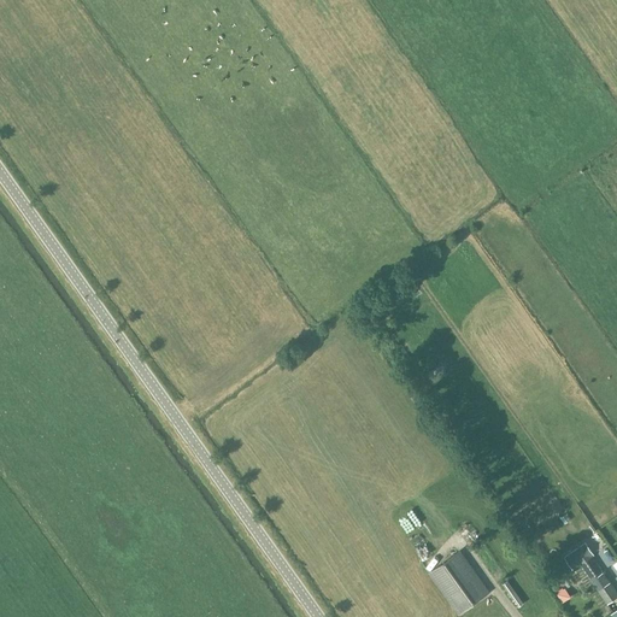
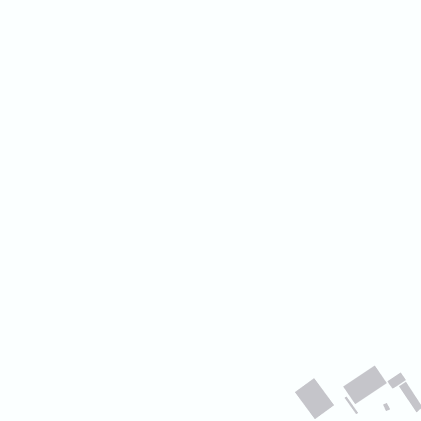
building: none -> [342,365,388,405]

